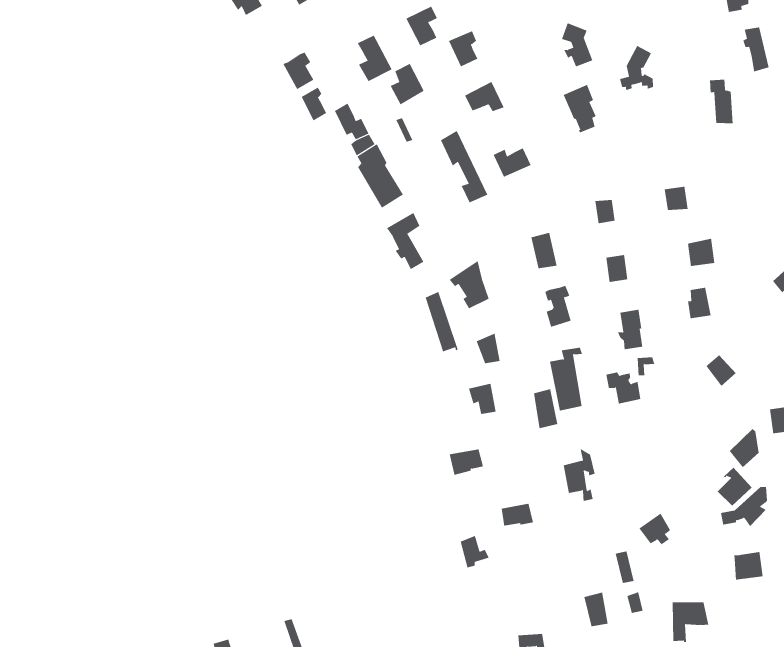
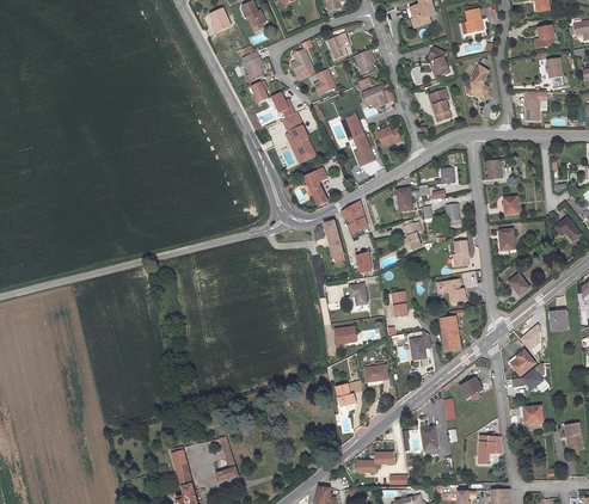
building: [549,347,583,411] -> [443,311,466,352]

